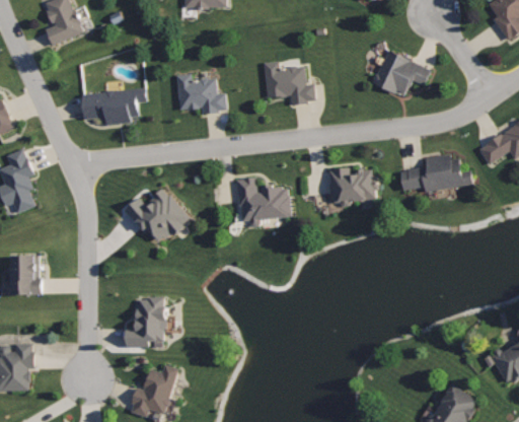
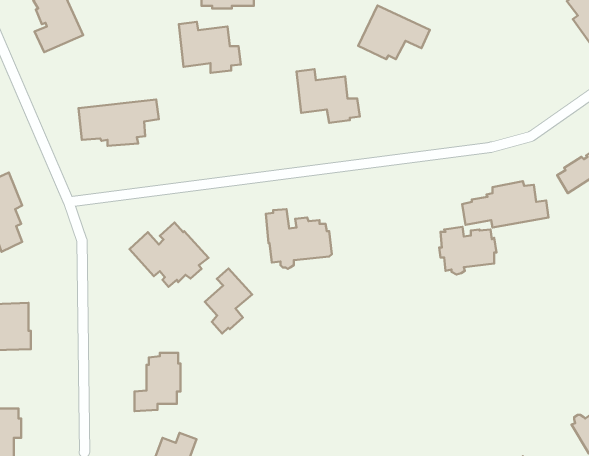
building: [371,50,431,94] -> [358,6,430,59]
building: [175,74,227,117] -> [179,22,241,73]
building: [329,167,377,207] -> [439,227,497,274]
building: none -> [205,268,252,333]

